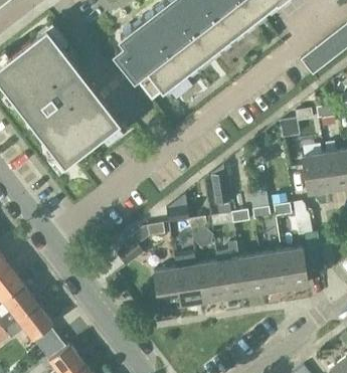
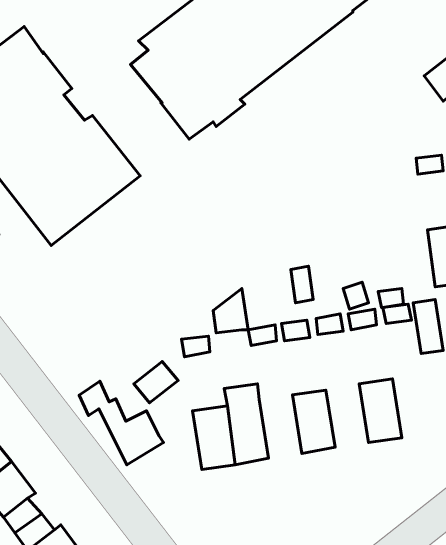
building: [280,249,307,290] -> none
building: none -> [79,381,164,465]
building: [237,255,265,296] -> none
building: [195,262,222,303] -> none

